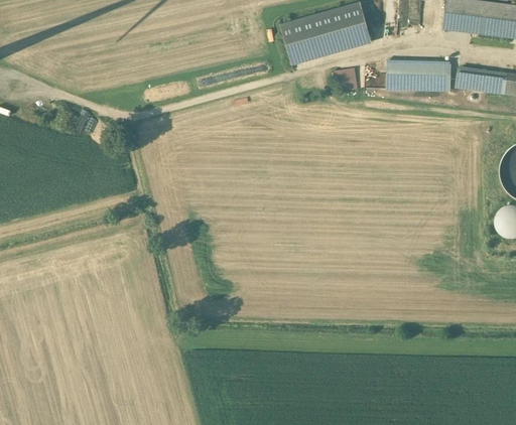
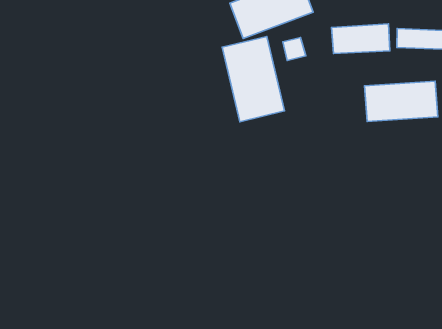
building: none -> [222,37,284,122]
building: none -> [365,81,438,121]

